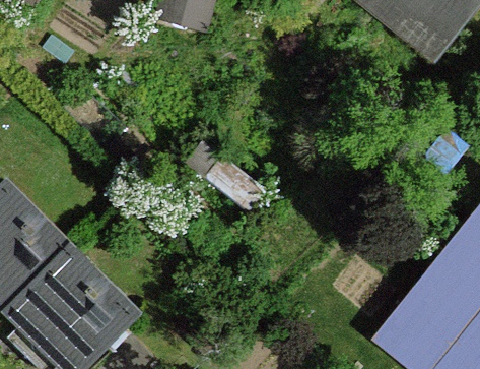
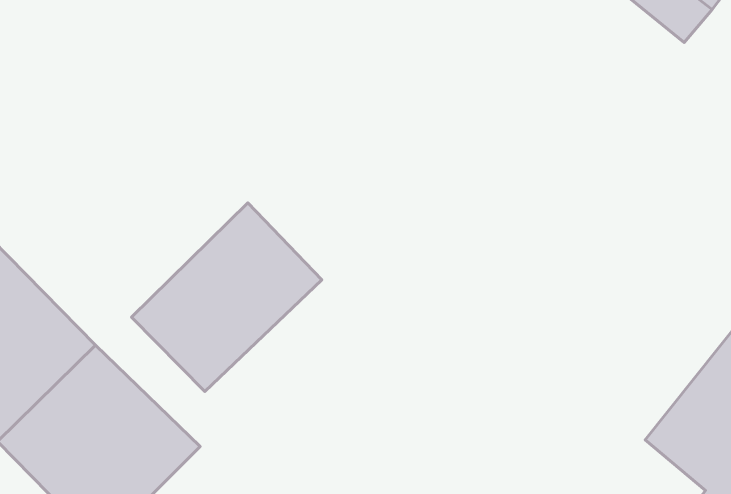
building: none -> [132,203,322,391]

